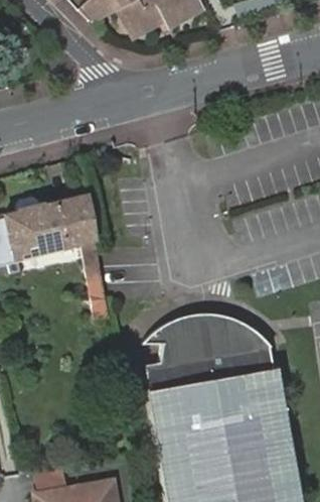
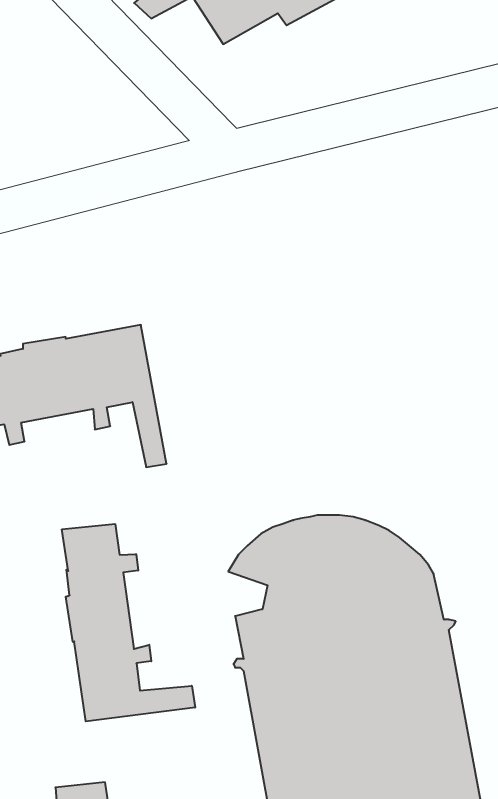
building: none -> [62,524,195,721]

